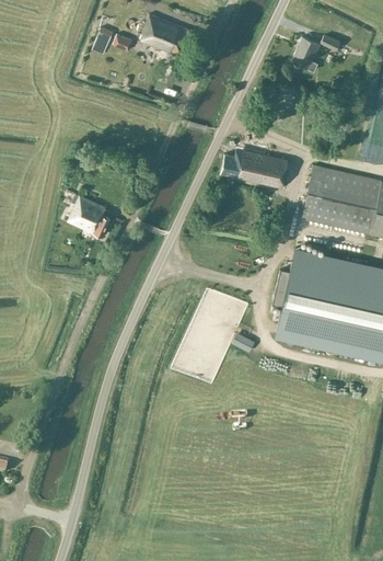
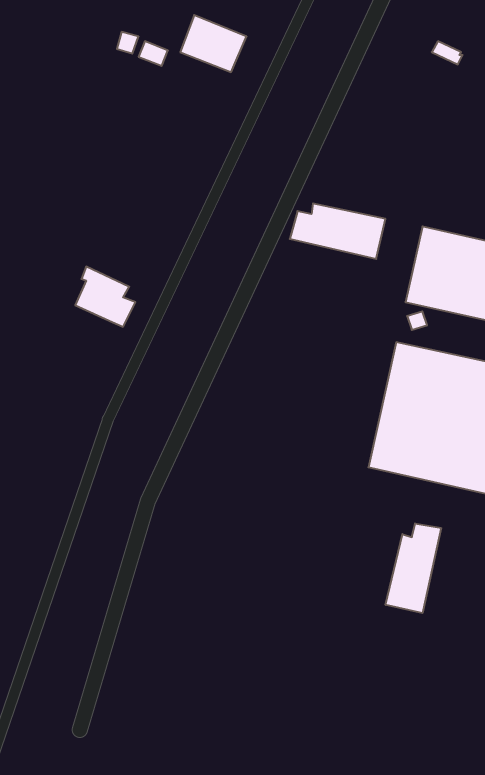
building: [292,38,320,72] -> none
building: none -> [386,523,441,613]

